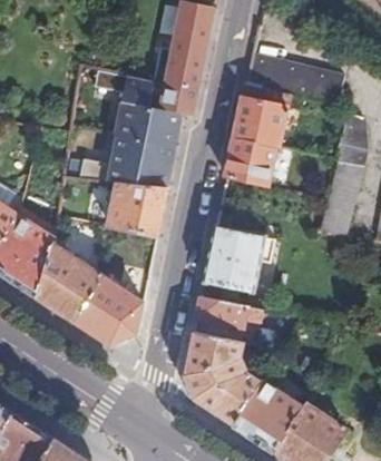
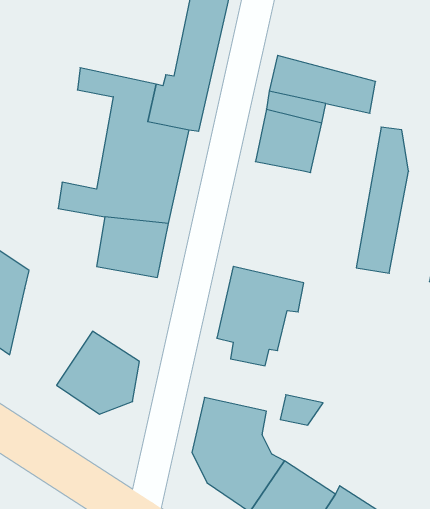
building: [227,140,275,187] -> none
building: [37,243,104,321] -> none
building: [196,296,264,330] -> none

